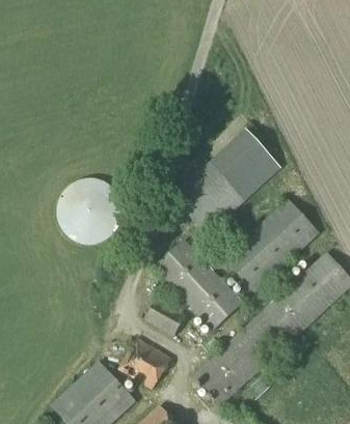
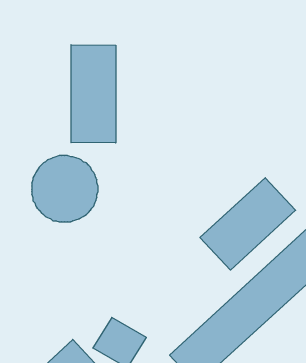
building: none -> [71,45,116,143]
building: [168,128,282,233] -> none
building: [144,239,243,336] -> none

